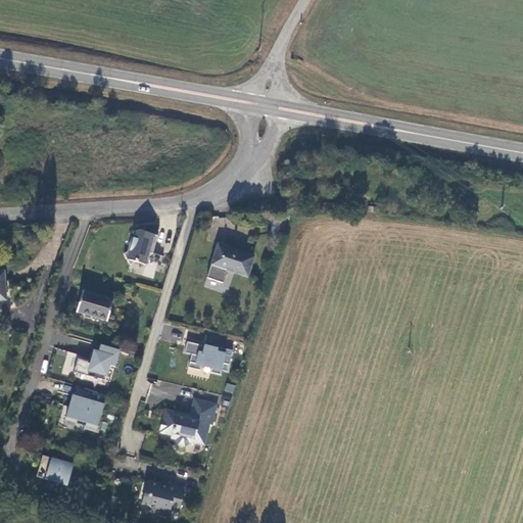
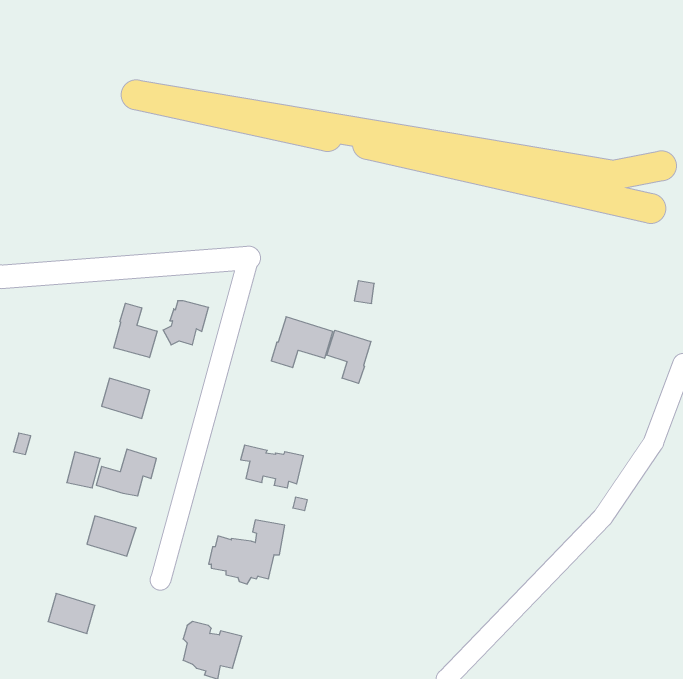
building: none -> [114,303,157,358]
building: none -> [327,330,371,383]

